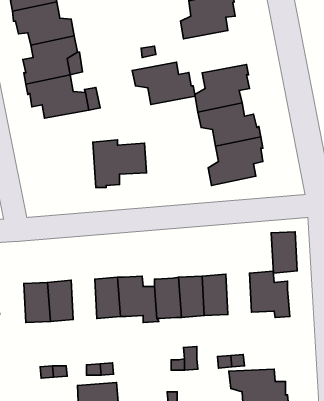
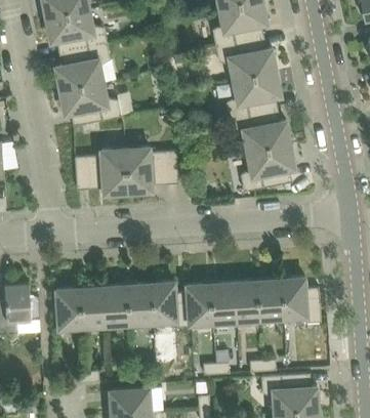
building: [132,62,195,104] -> [215,38,278,80]
building: none -> [74,149,128,195]
building: [271,232,297,273] -> [257,279,283,320]
building: none -> [104,285,129,325]

